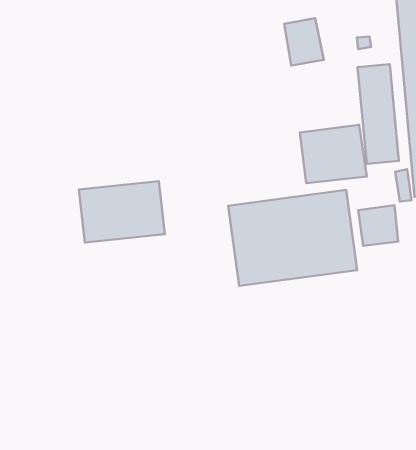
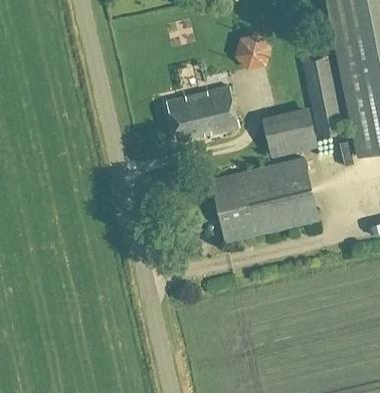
building: [79,181,165,242] -> [167,86,238,141]
building: [358,205,398,246] -> none

